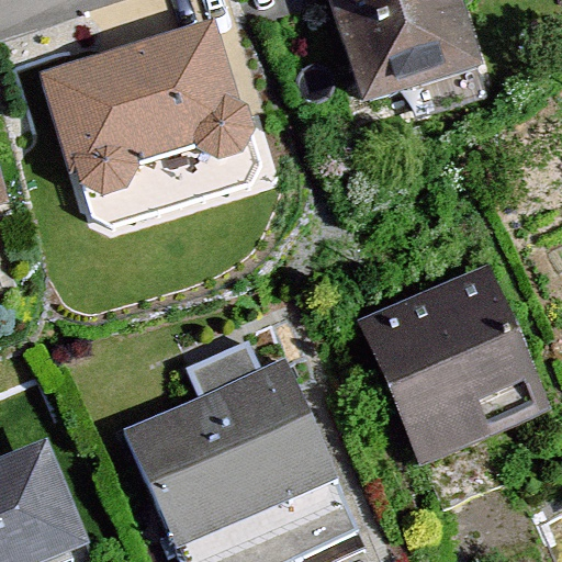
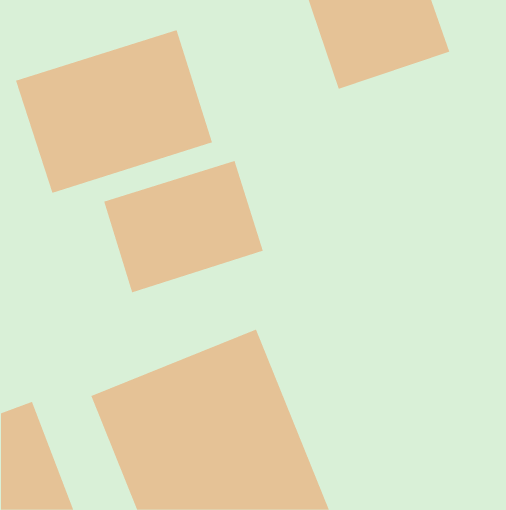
building: none -> [104,160,264,293]
building: [349,252,546,460] -> none

